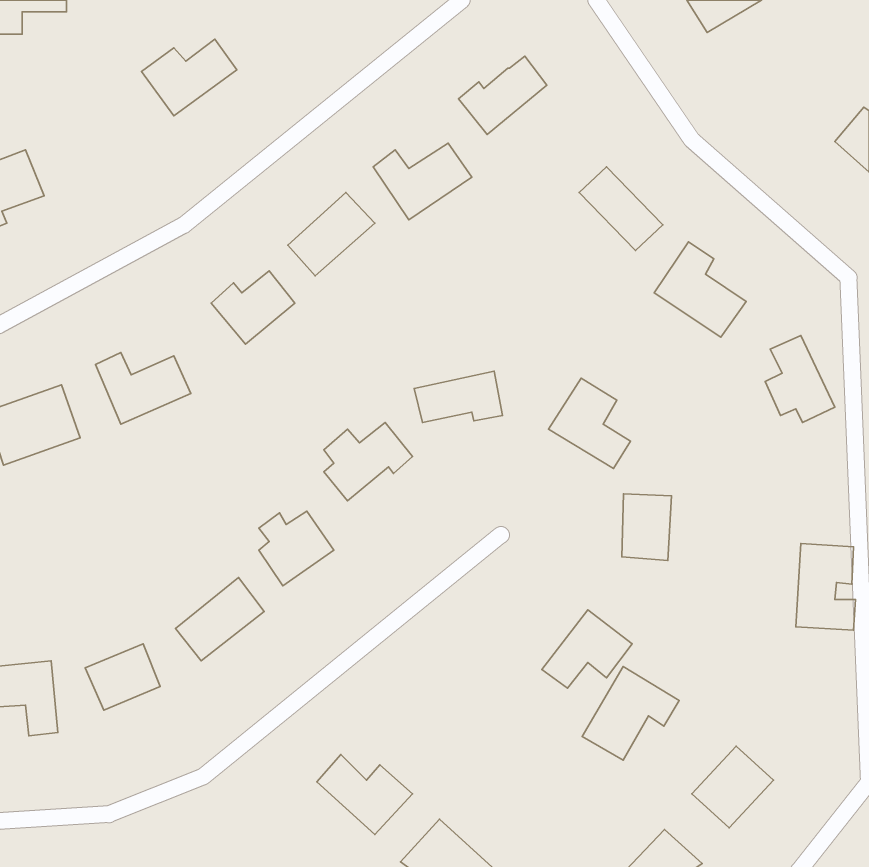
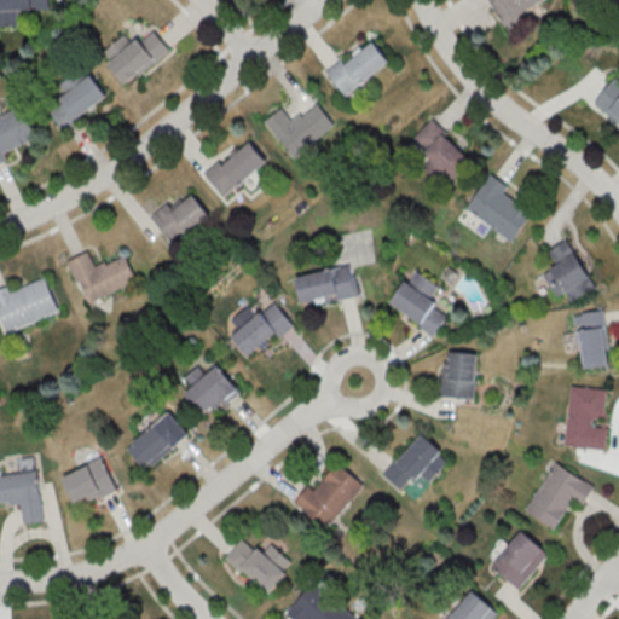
building: none -> [46,76,105,131]
building: none -> [572,312,609,370]
building: none -> [293,464,361,530]
building: [582,666,679,760] -> [525,463,594,530]

